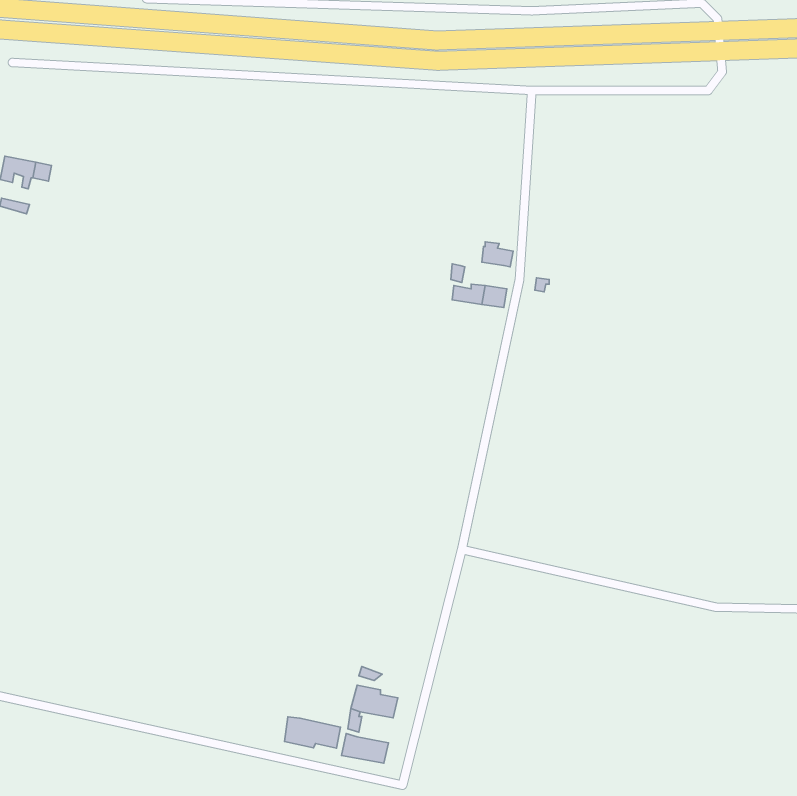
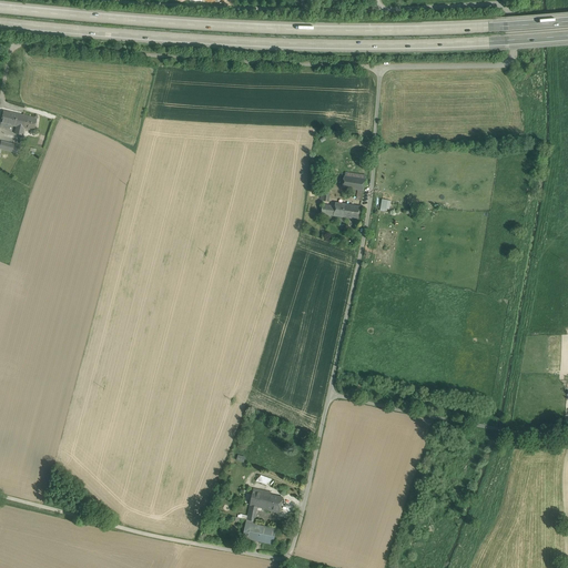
building: [284,717,340,748] -> none

